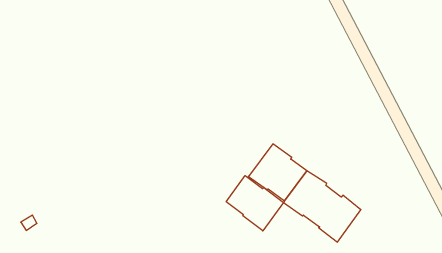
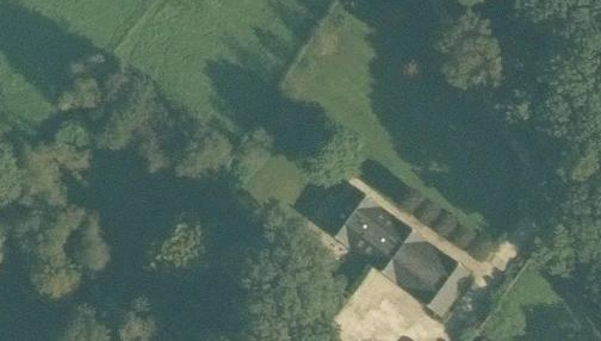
building: [226,176,284,231] -> none

